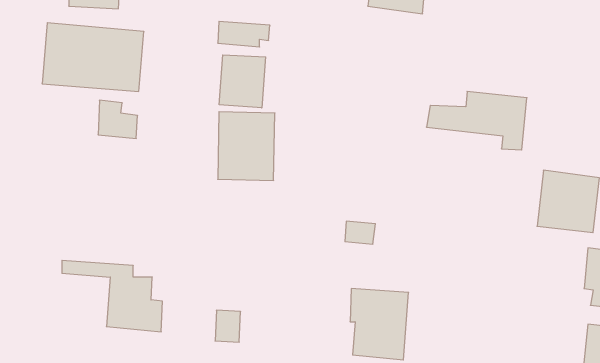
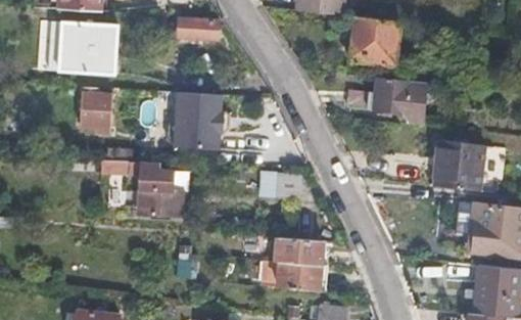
building: none -> [349,16,400,65]
building: [219,55,266,108] -> none
building: [62,260,162,332] -> [104,157,185,215]

